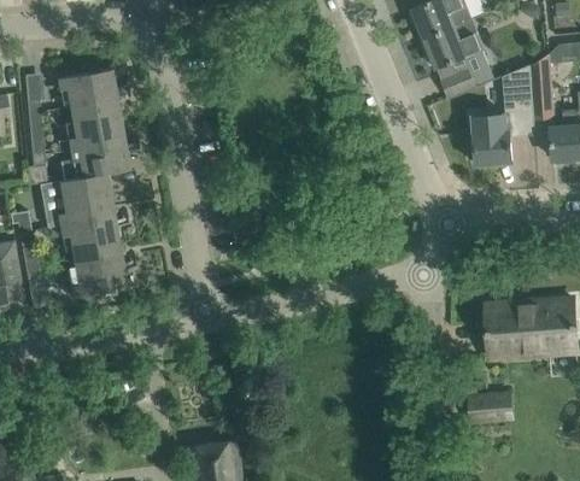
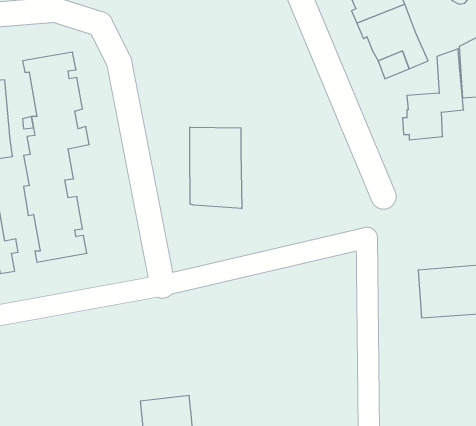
building: none -> [190,127,242,209]
building: [470,394,514,420] -> none

